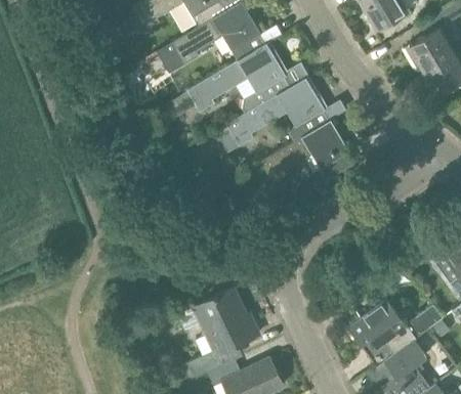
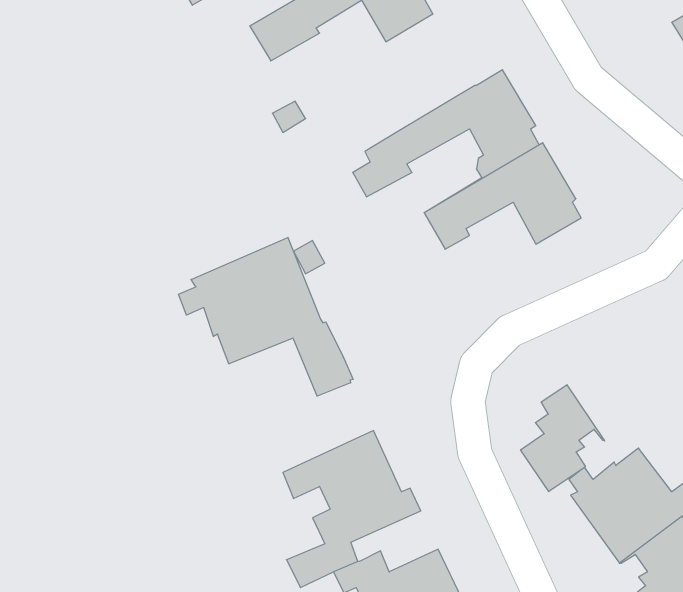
building: [188,42,291,114] -> none
building: none -> [178,237,353,396]
building: none -> [521,385,605,492]

